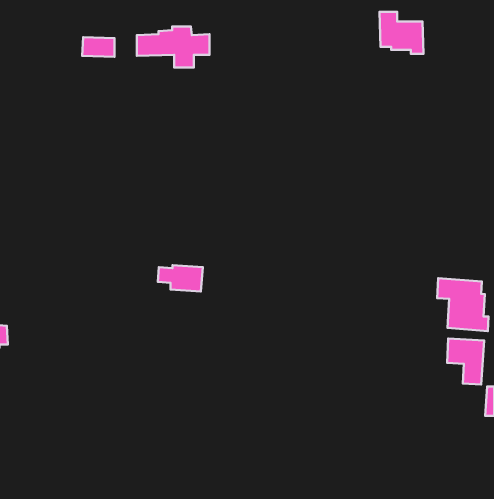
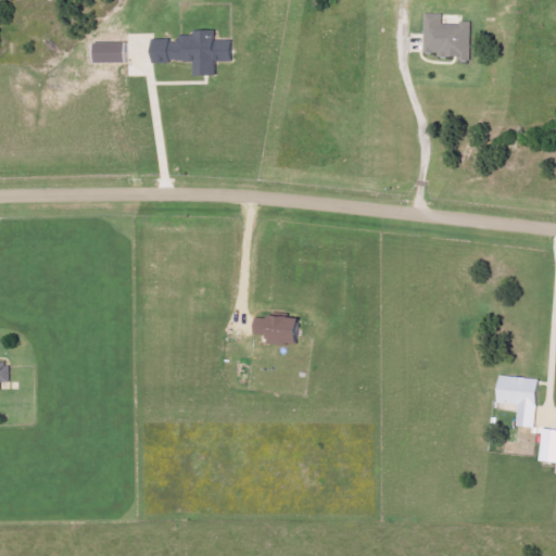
building: [158,265,203,291] -> [252,315,302,344]
building: [437,278,488,331] -> none

